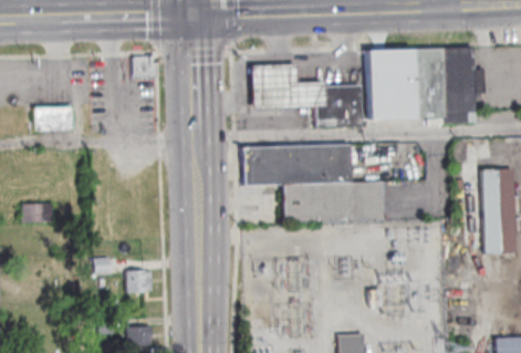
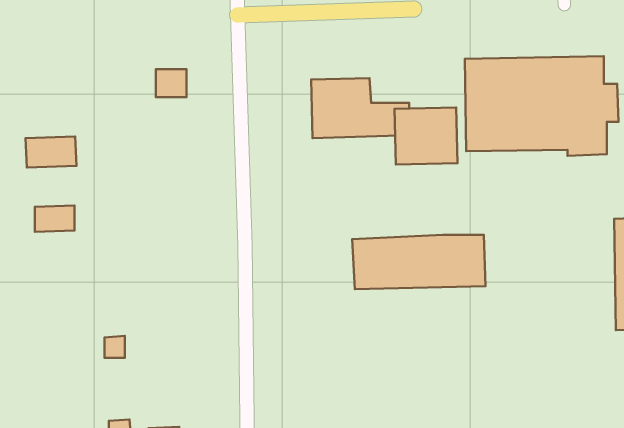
building: [242,145,351,186] -> none
building: [24,204,54,224] -> [35,205,74,232]
building: [126,270,153,293] -> none

